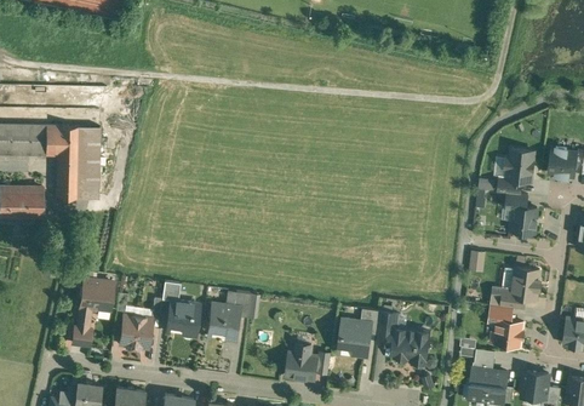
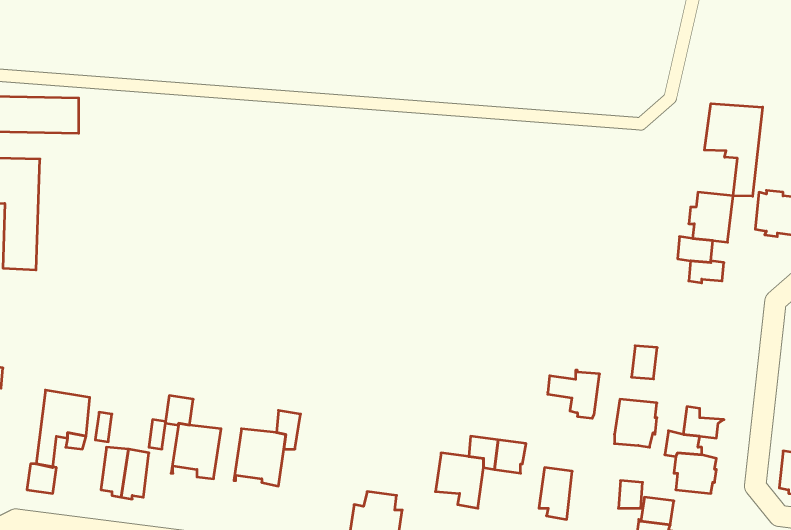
building: none -> [704,104,763,196]
building: [78,126,101,199] -> none
building: [510,205,538,233] -> none
building: [513,267,540,298] -> [614,399,657,447]
building: [377,326,411,358] -> [548,370,600,418]

